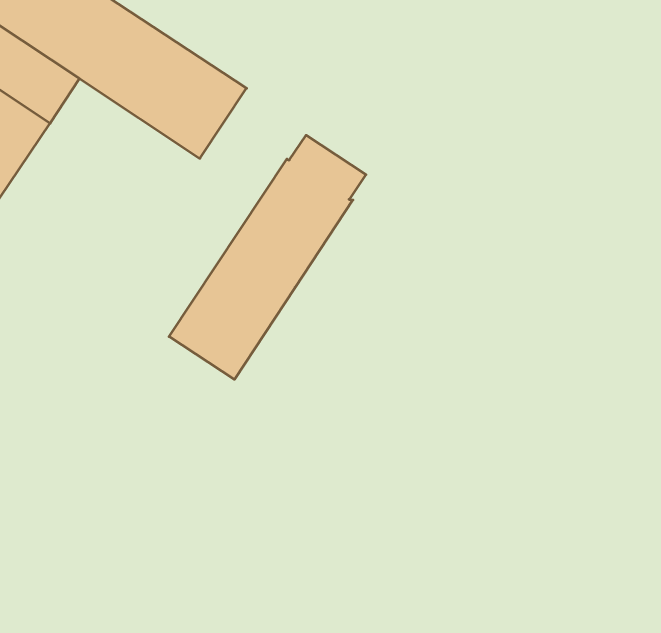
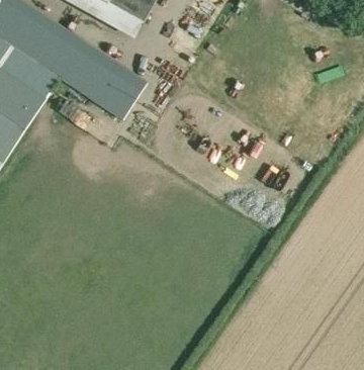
building: [169,135,366,379] -> none

